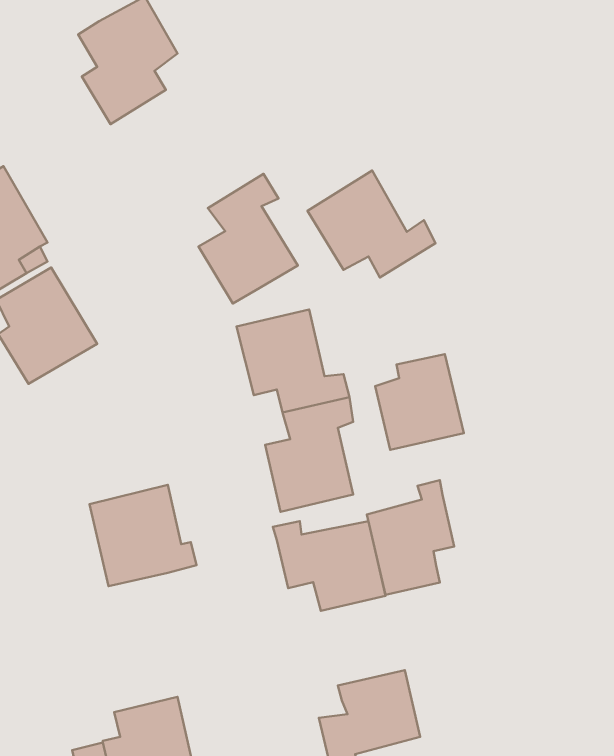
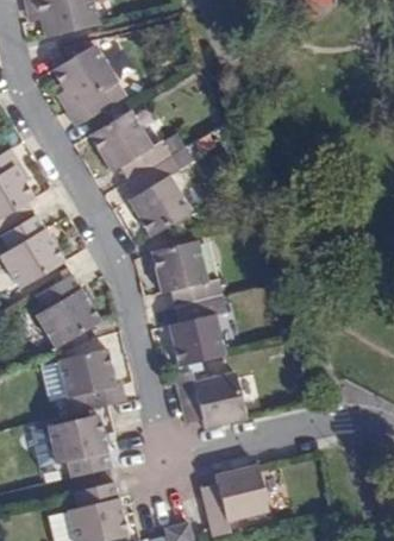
building: [307,171,435,278] -> [89,111,169,177]
building: [375,354,464,450] -> none
building: none -> [38,273,101,347]
building: [367,480,454,595] -> none
building: none -> [50,414,112,477]

